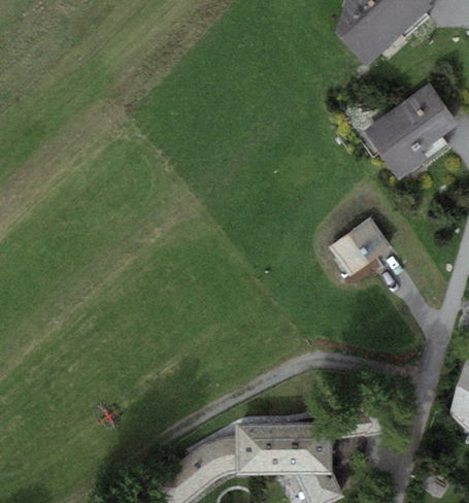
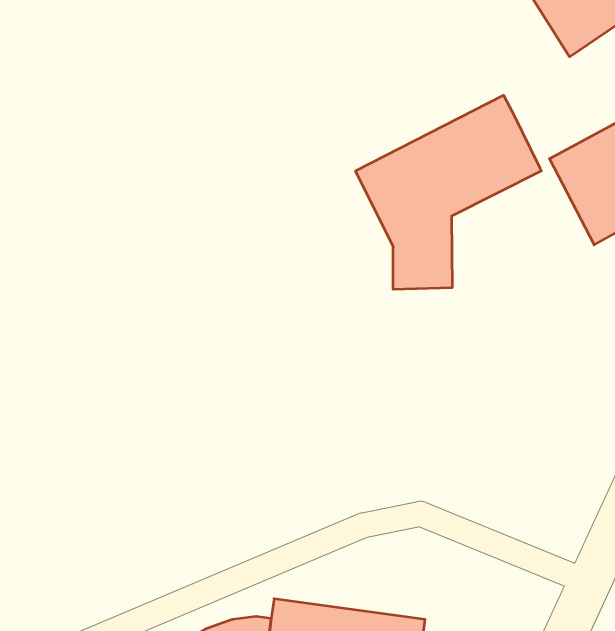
building: none -> [356,95,541,289]
building: [329,217,391,275] -> none

